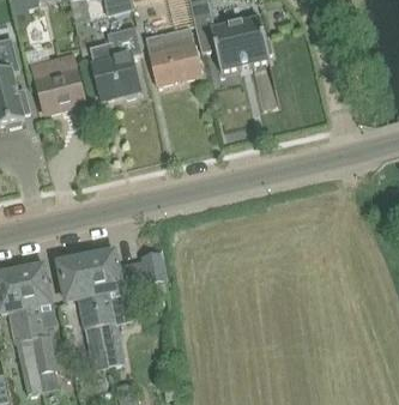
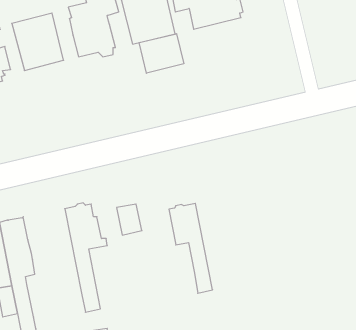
building: none -> [139,34,184,73]
building: [59,256,104,350] -> [169,203,213,293]

